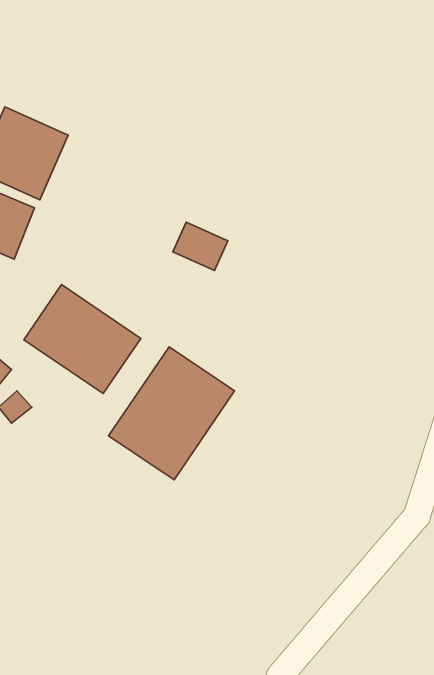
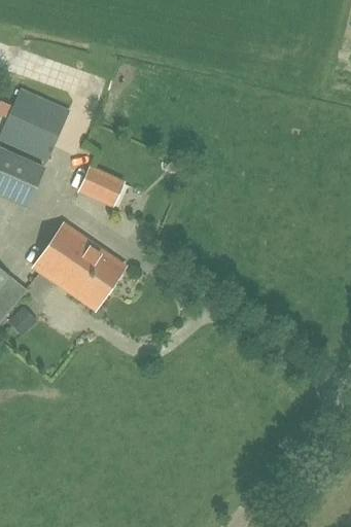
building: [173,222,228,271] -> [79,167,121,204]
building: [109,347,234,480] -> none

